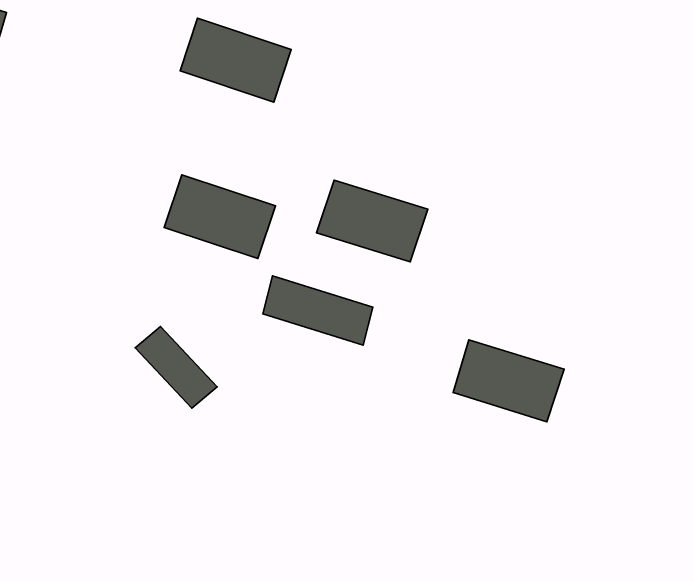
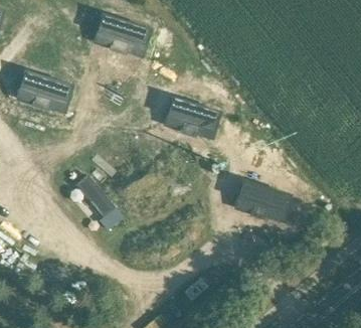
building: [164,175,275,259] -> [16,70,73,114]
building: [263,276,373,345] -> none

